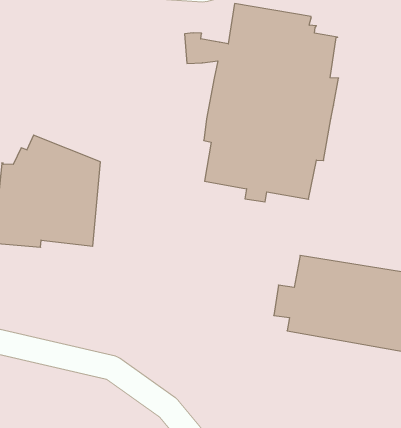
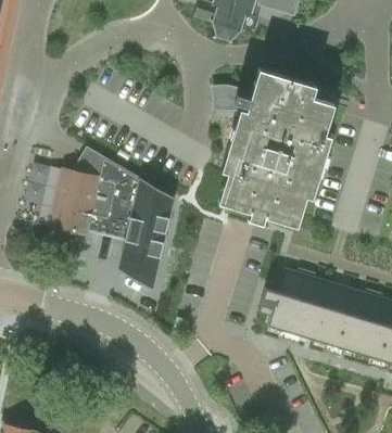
building: none -> [119,177,174,289]

